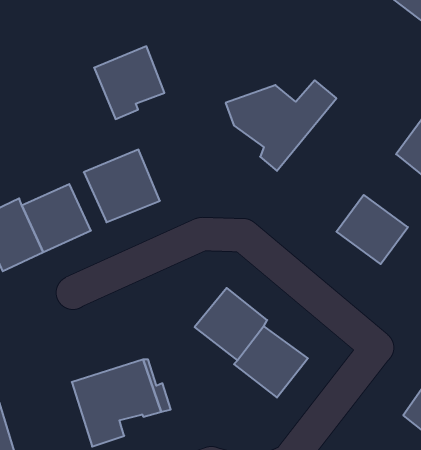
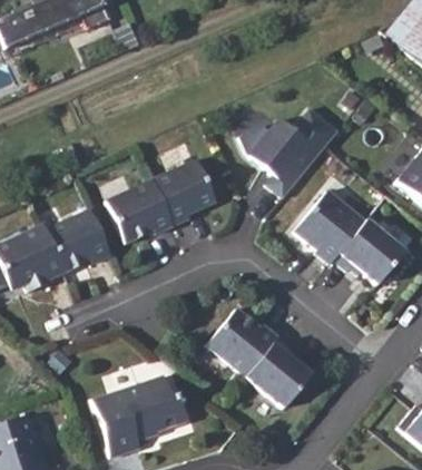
building: [94,46,164,119] -> [155,158,220,226]
building: none -> [298,190,365,266]

